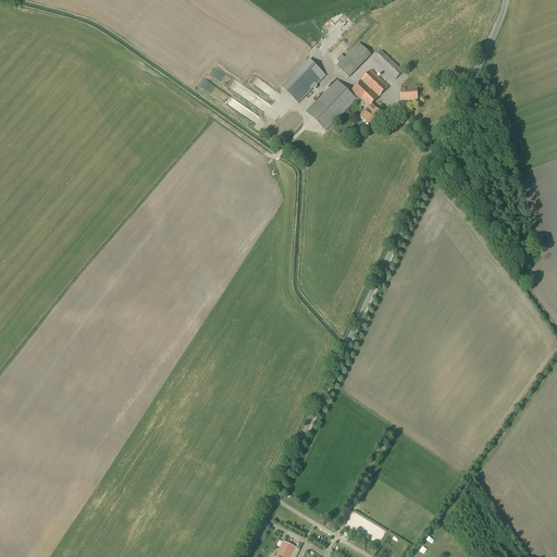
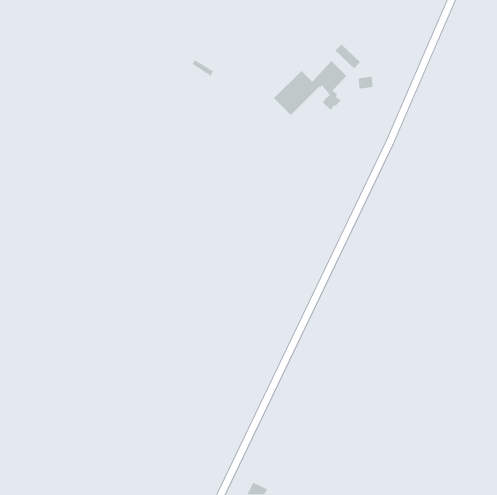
building: [336,41,371,76] -> none
building: [281,58,325,102] -> none

